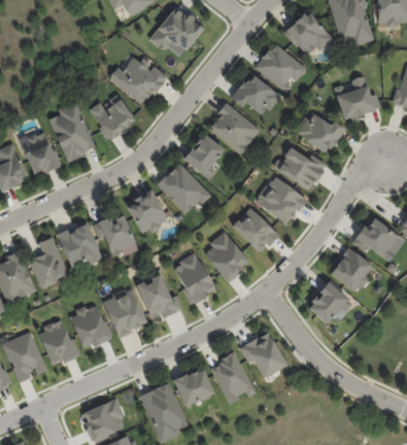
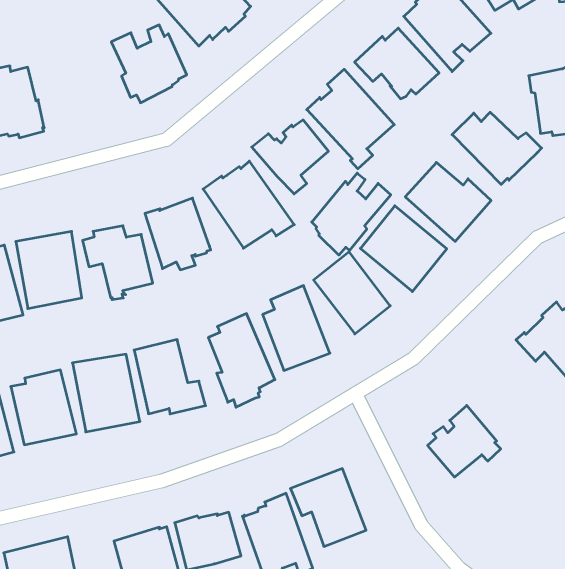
building: [49,103,96,163] -> none
building: none -> [312,173,391,255]
building: [332,246,373,292] -> none

